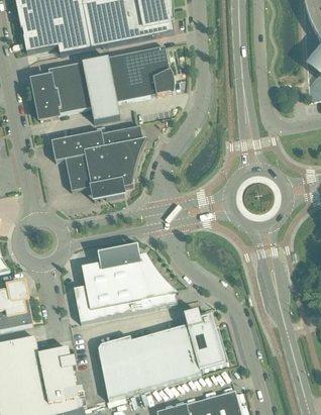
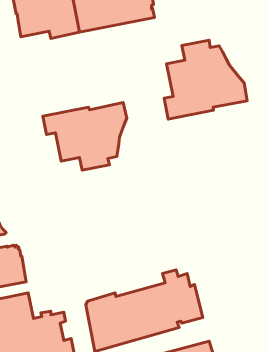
building: [28,45,173,121] -> none
building: none -> [164,40,247,119]
building: [73,247,177,322] -> none

